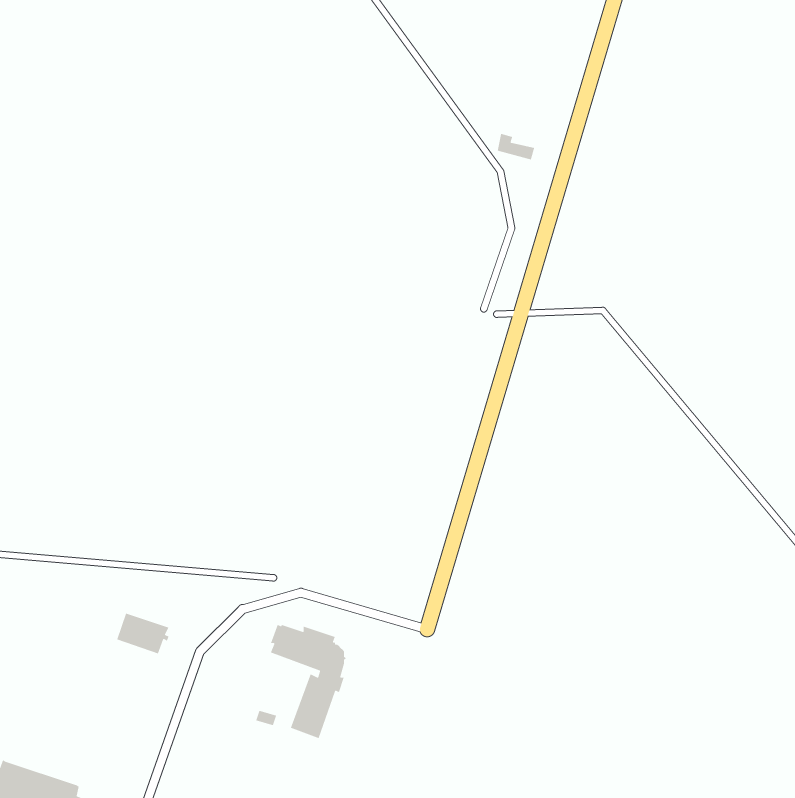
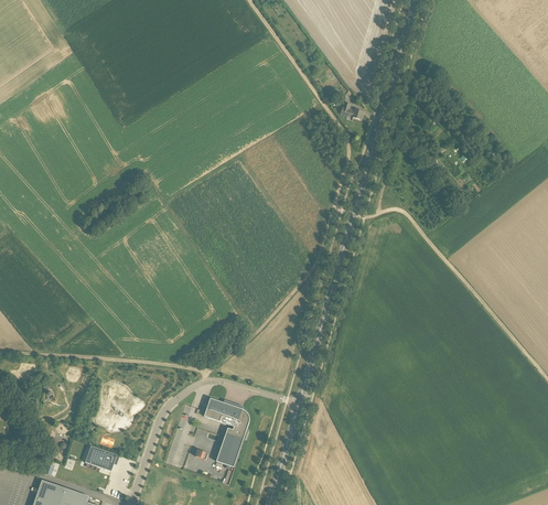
building: [116,612,169,655] -> [85,447,117,472]

